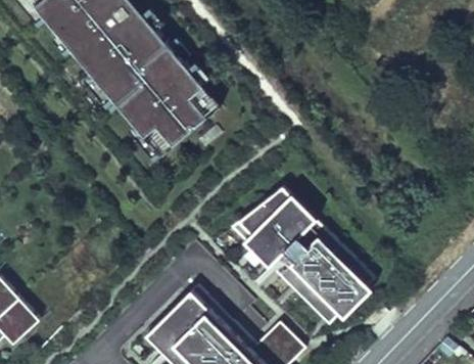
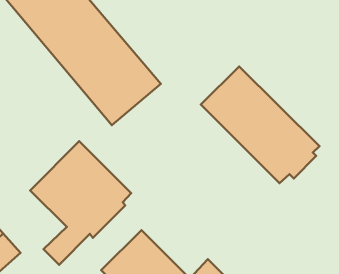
building: none -> [30,141,131,265]
building: [229,181,375,325] -> [201,67,319,183]

